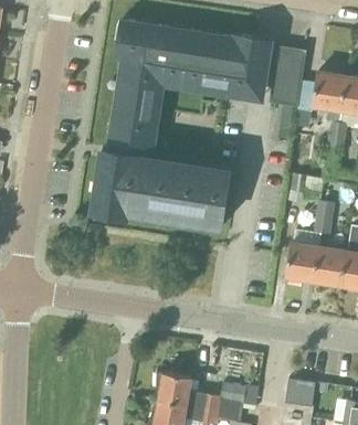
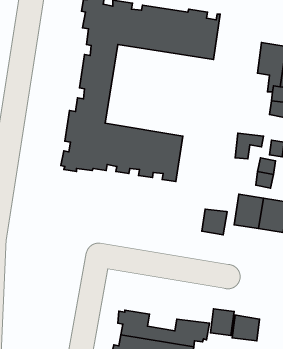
building: [273,47,305,104] -> none
building: none -> [202,209,227,235]
building: none -> [210,309,234,336]

